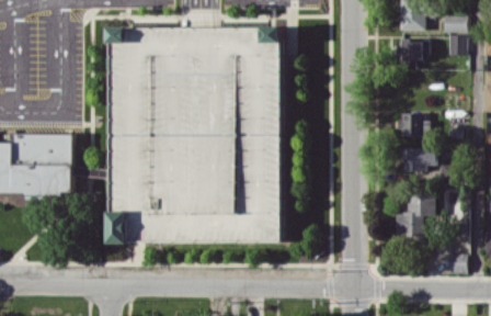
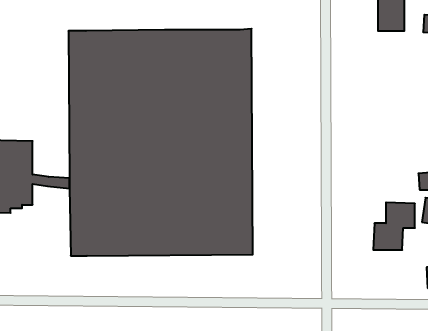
building: [401,38,427,69] -> none
building: [399,113,430,137] -> none
building: [402,148,436,172] -> none

